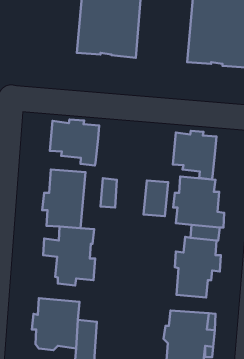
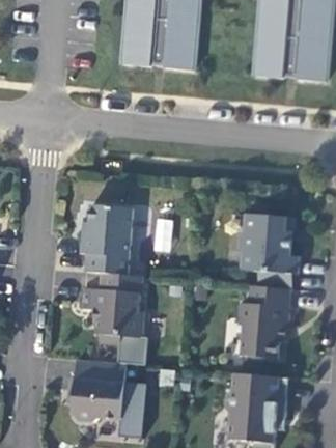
building: [50,119,99,166] -> none
building: [173,131,216,179] -> none
building: [143,180,168,216] -> none

